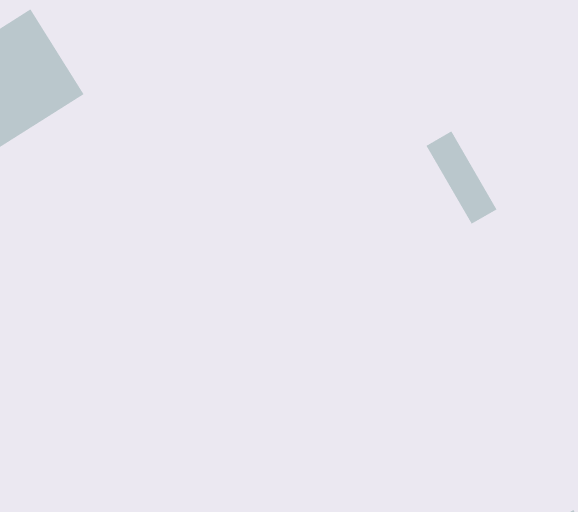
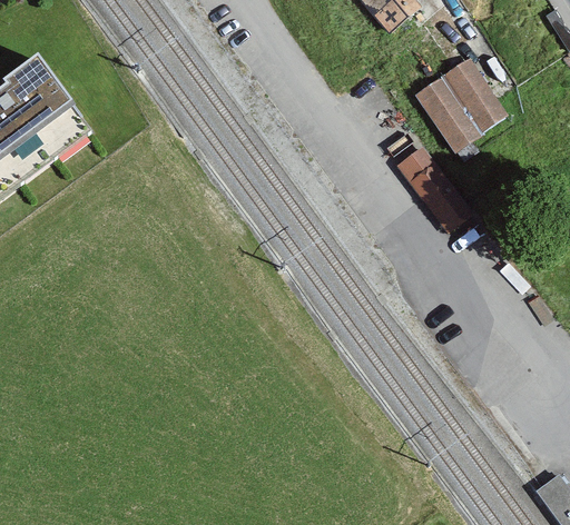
building: none -> [412,50,505,148]

